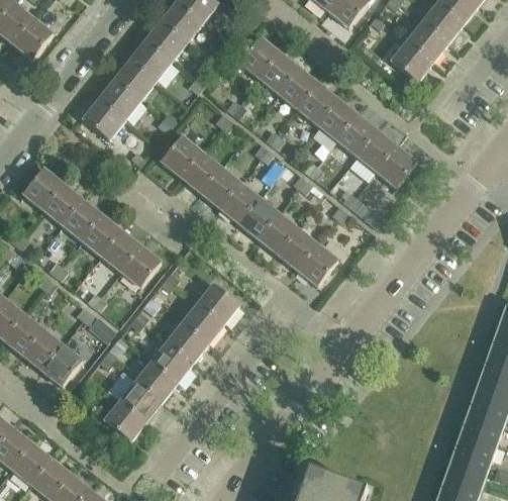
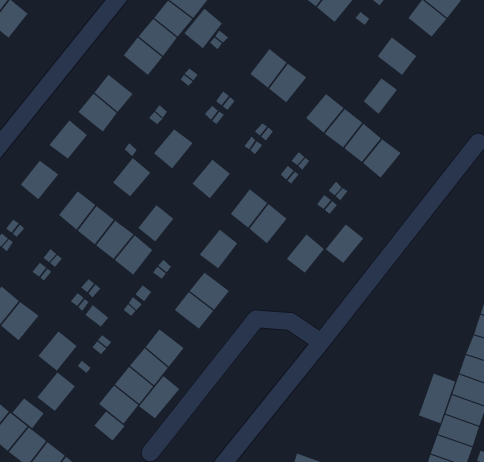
building: [12,18,53,60] -> none
building: [406,22,447,62] -> none
building: [239,37,280,80] -> [183,8,223,49]
building: [114,61,156,101] -> none
building: none -> [363,77,398,115]
building: [298,84,338,125] -> none
building: [181,152,221,193] -> [112,157,151,197]
building: [219,183,260,224] -> [199,229,238,269]
building: [42,184,83,225] -> [49,119,88,160]
building: none -> [137,204,174,242]
building: [278,229,318,271] -> [325,224,364,264]
building: [167,323,208,363] -> none
building: [22,329,63,371] -> [36,372,76,412]
building: none -> [418,373,456,424]
building: none -> [138,375,180,419]
building: none -> [12,398,44,429]
building: none -> [94,411,126,442]

